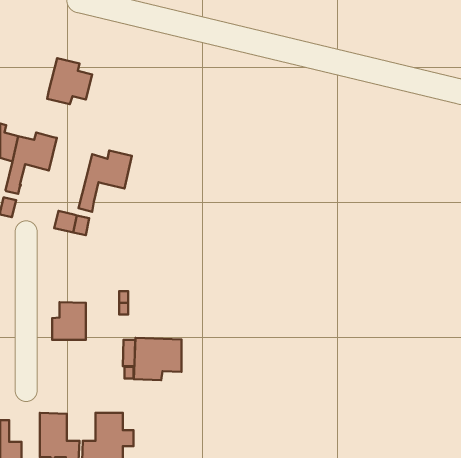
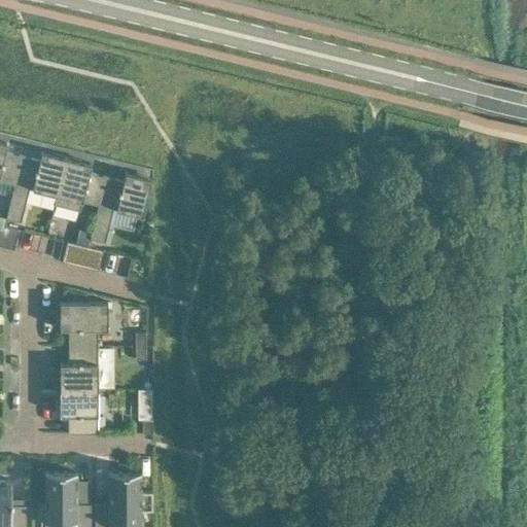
building: [47,58,92,104] -> [54,161,105,213]
building: none -> [60,305,107,349]
building: [134,338,182,380] -> none
building: none -> [60,391,98,435]

